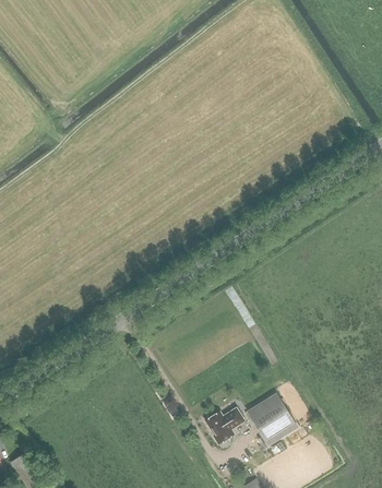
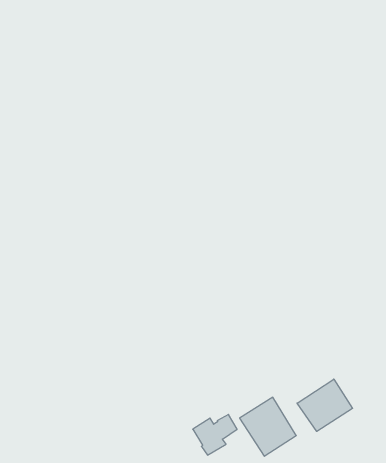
building: none -> [297,379,353,431]

